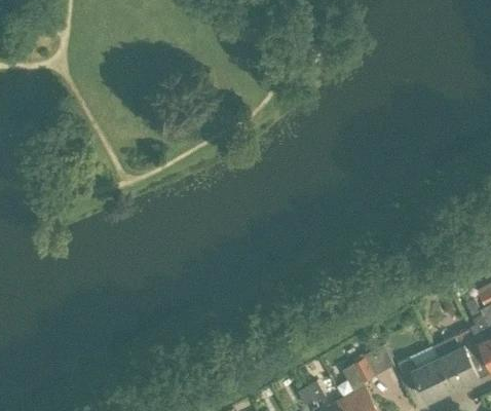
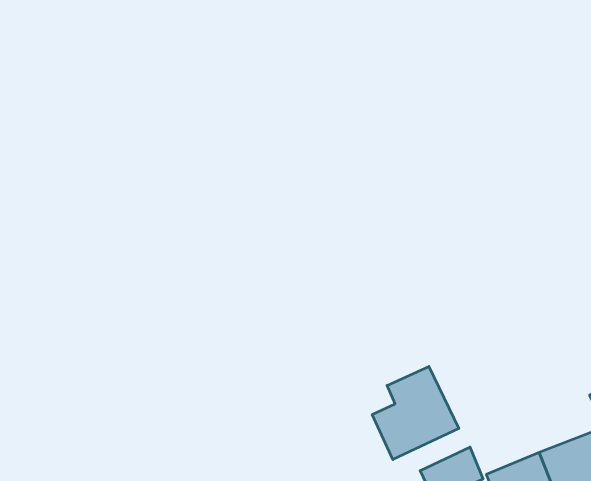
building: none -> [372,366,459,460]

